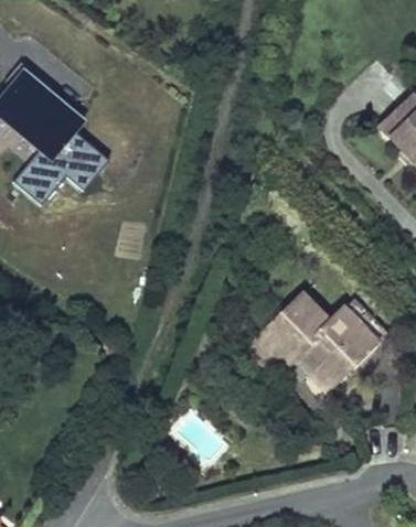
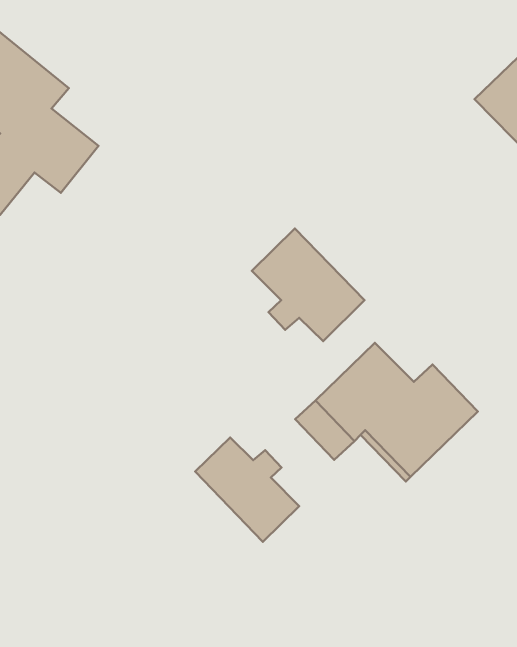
building: none -> [252,228,365,341]
building: none -> [195,437,299,542]

